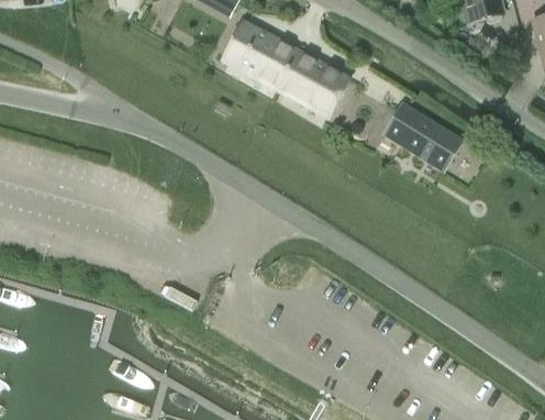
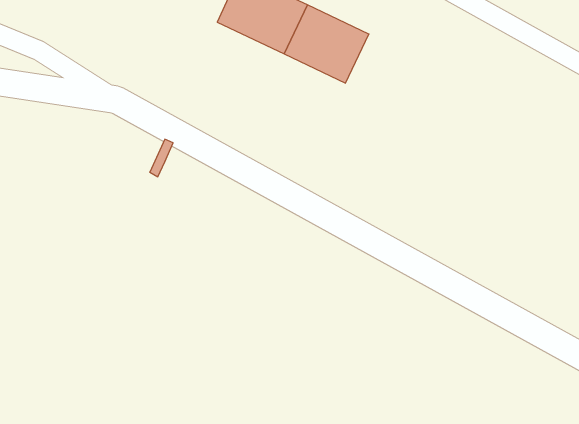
building: [383,102,463,170] -> none

